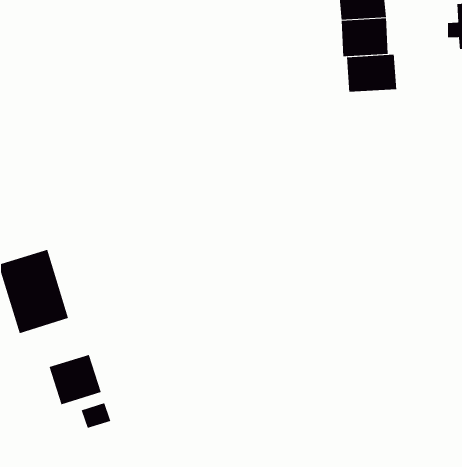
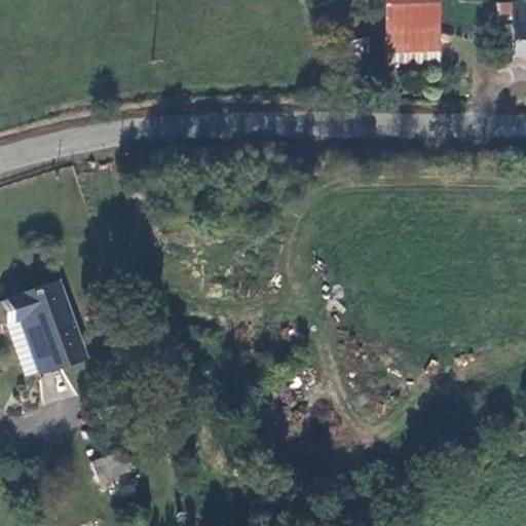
building: [346,54,397,93] -> none
building: [49,354,101,405] -> none

